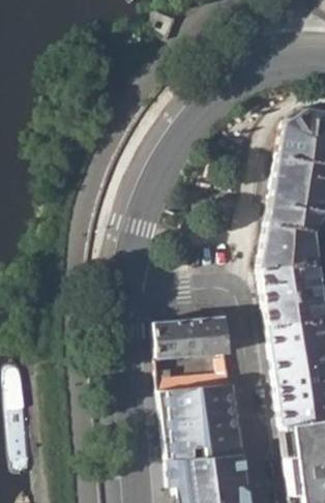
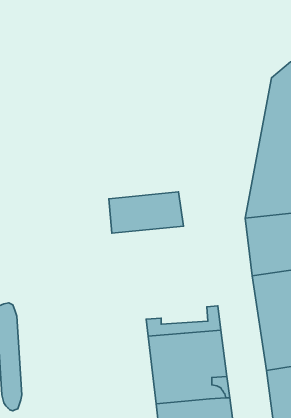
building: [153,316,230,358] -> [109,192,184,233]

